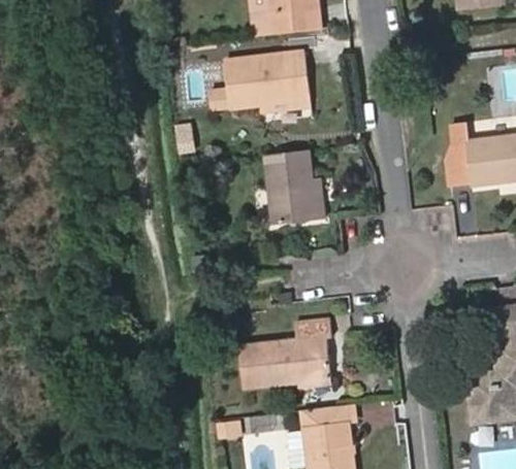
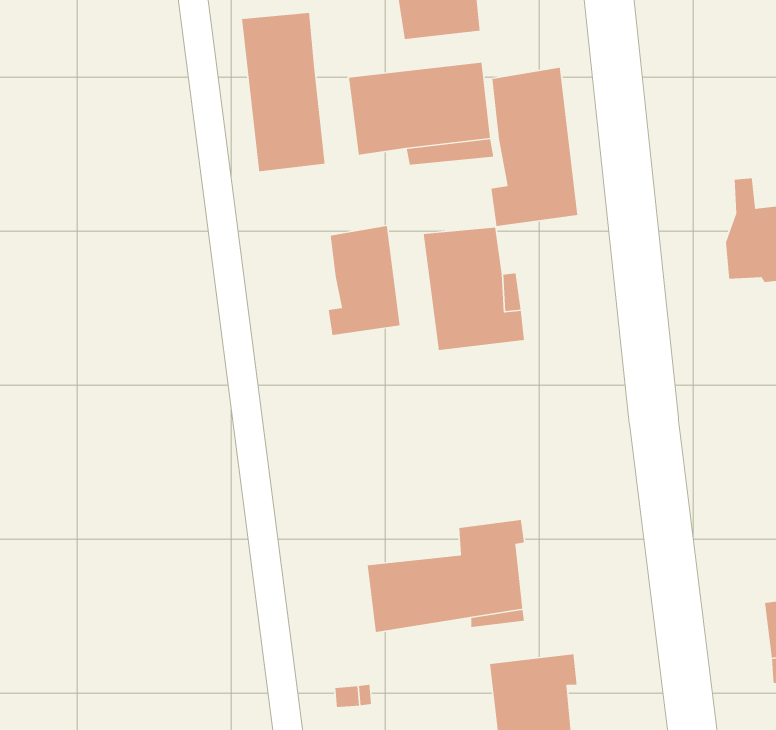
building: none -> [241,12,326,172]
building: none -> [491,67,578,227]
building: none -> [328,225,400,336]

